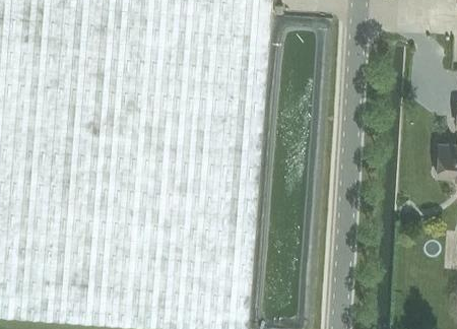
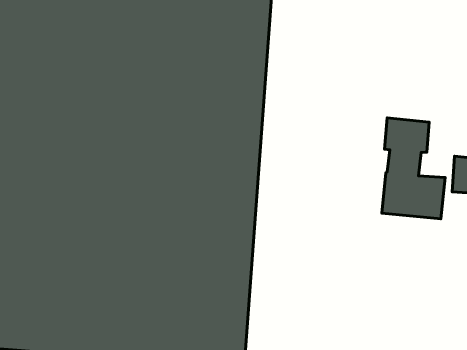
building: none -> [382,118,445,219]

